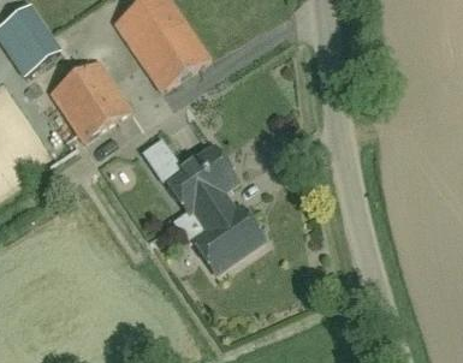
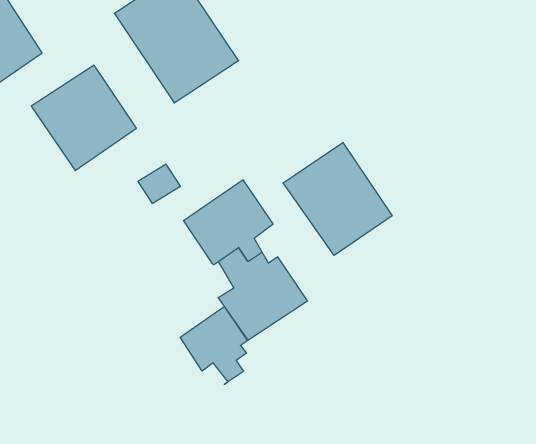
building: none -> [283,142,392,255]
building: none -> [180,306,247,384]

